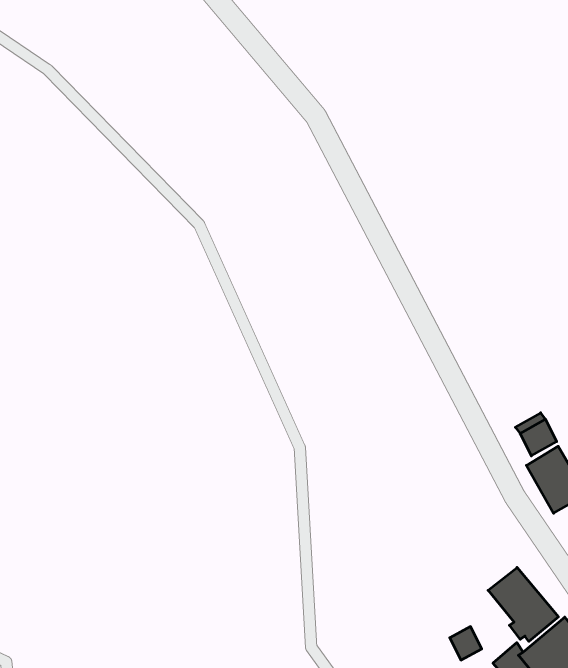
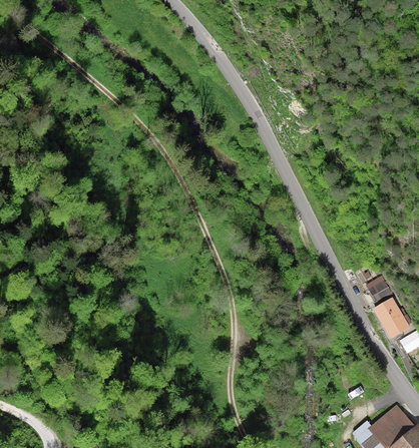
building: [488,567,558,641] -> none

